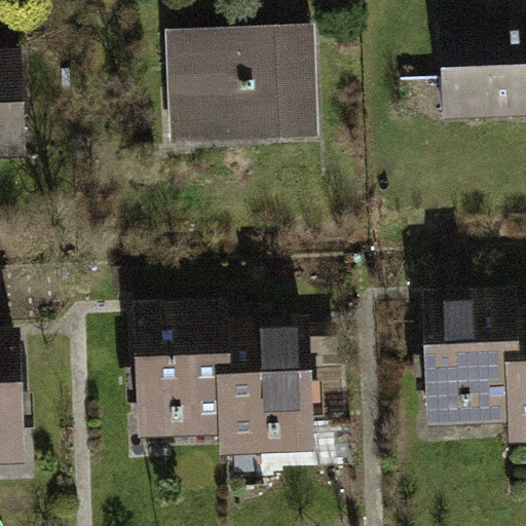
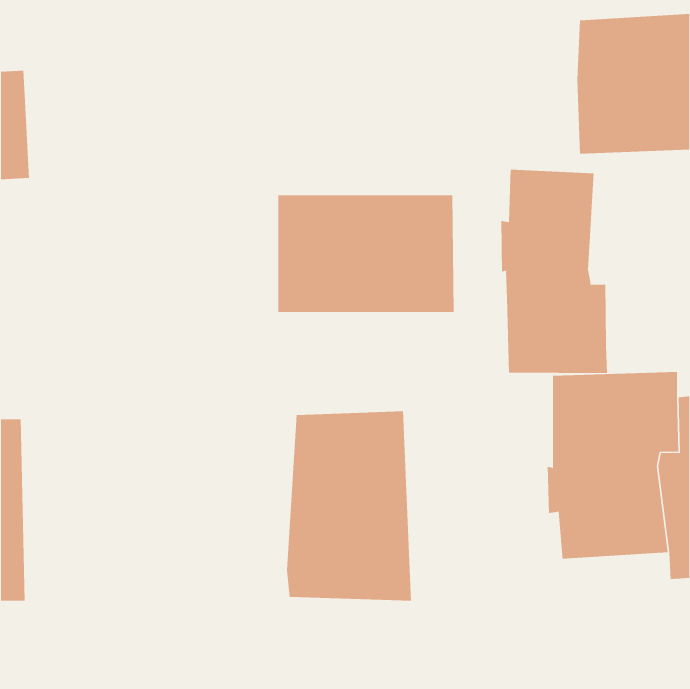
building: [188,48,323,138] -> [278,195,454,312]
building: none -> [501,169,607,374]
building: [132,306,225,447] -> none

